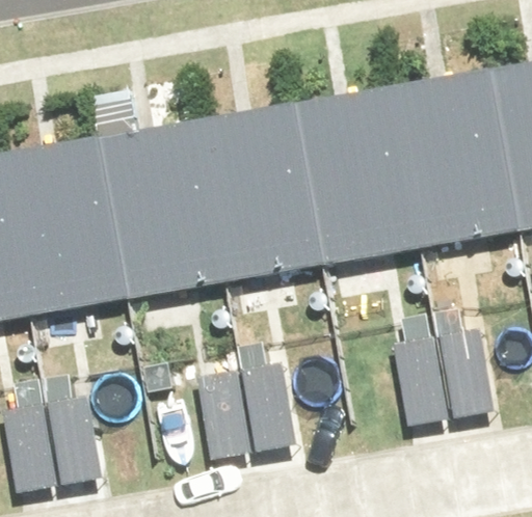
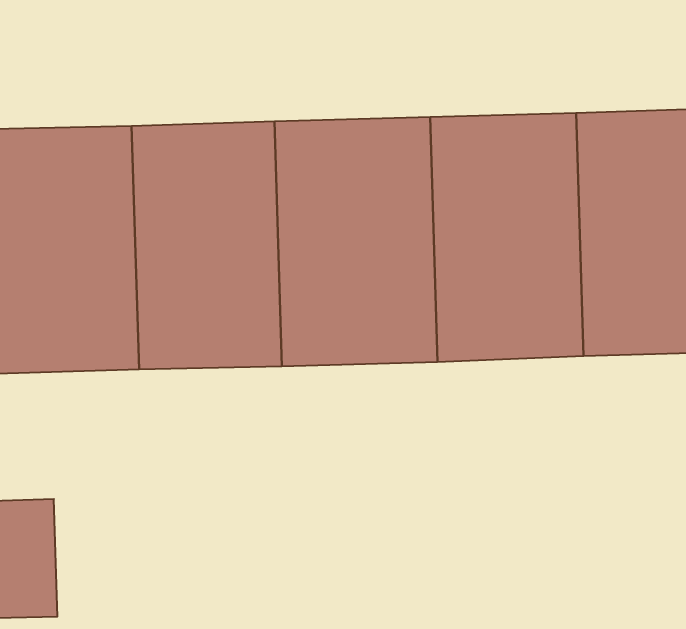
building: [395,324,487,416] -> none
building: [198,360,298,454] -> none

